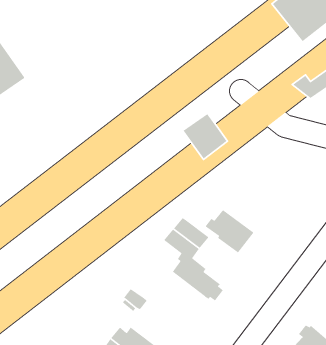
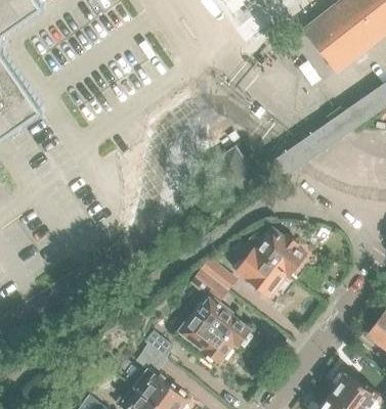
building: none -> [243,221,305,277]
building: none -> [175,316,232,362]

